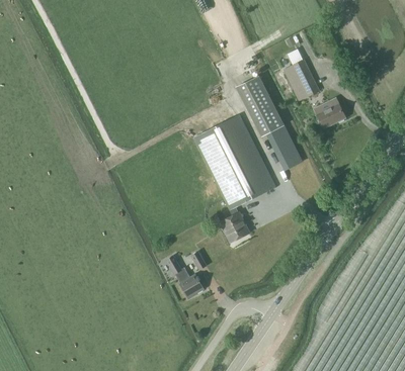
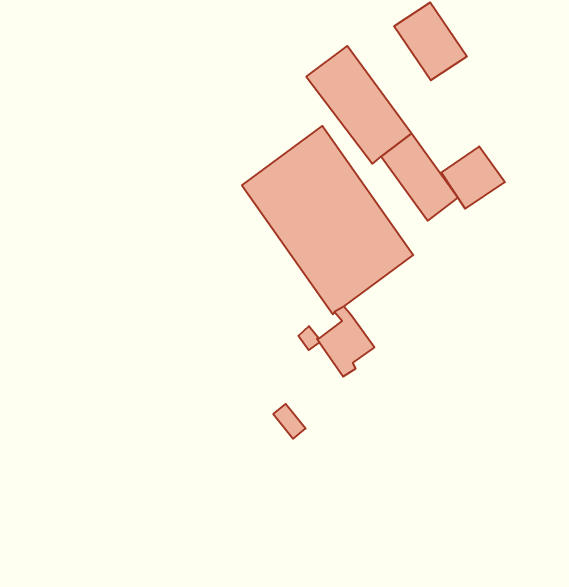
building: [314,98,345,128] -> [441,146,505,209]
building: [165,256,202,298] -> none

